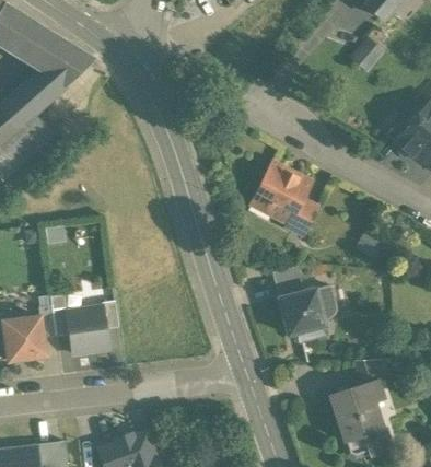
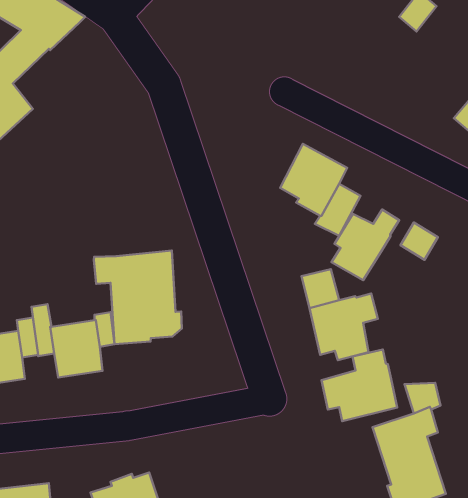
building: none -> [332,210,399,280]
building: none -> [94,251,182,344]
building: none -> [321,350,397,421]

